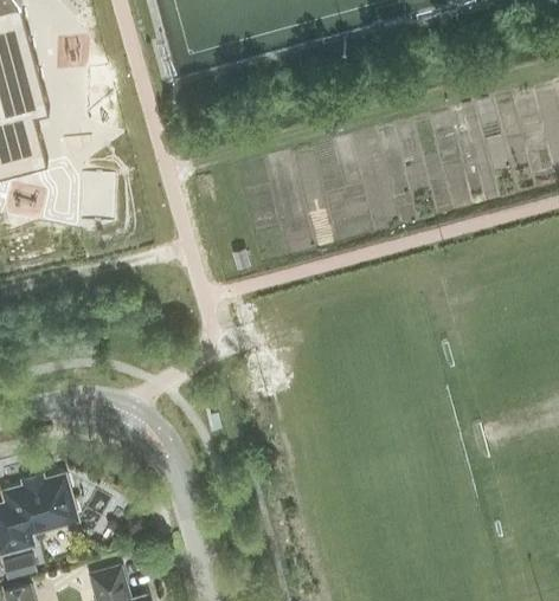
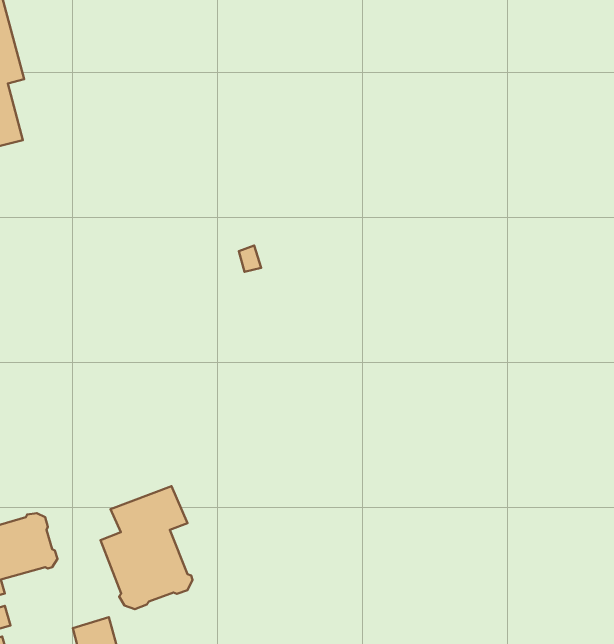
building: none -> [100,486,193,609]

